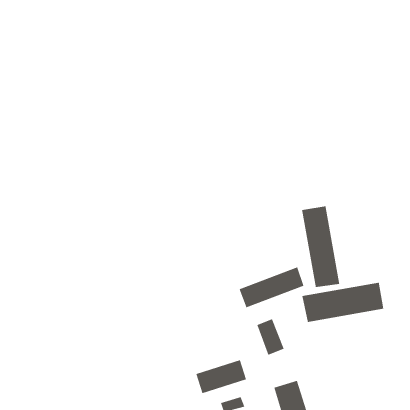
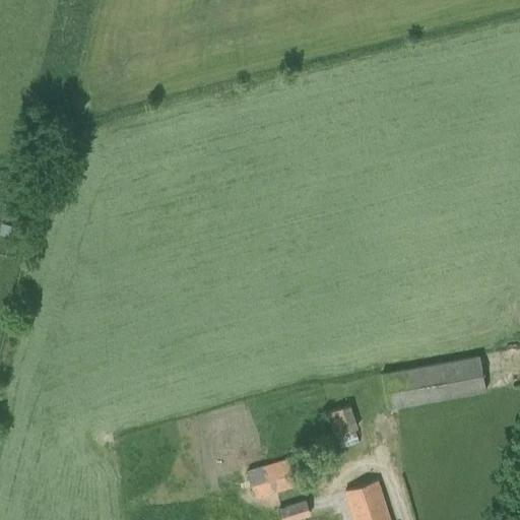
building: [301,206,340,288] -> none
building: [239,266,304,308] -> none

